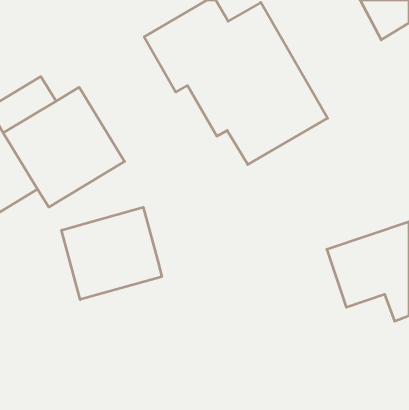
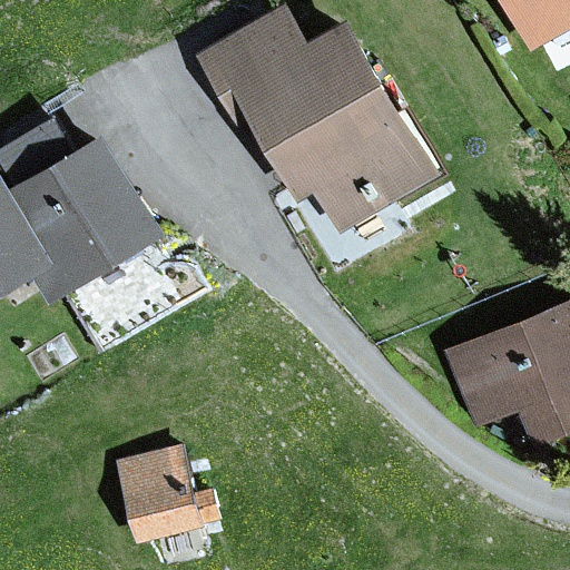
building: [62,207,162,300] -> none
building: none -> [109,448,215,544]

